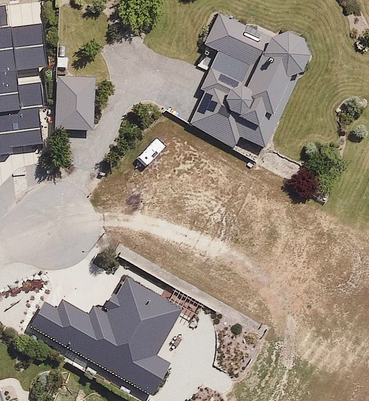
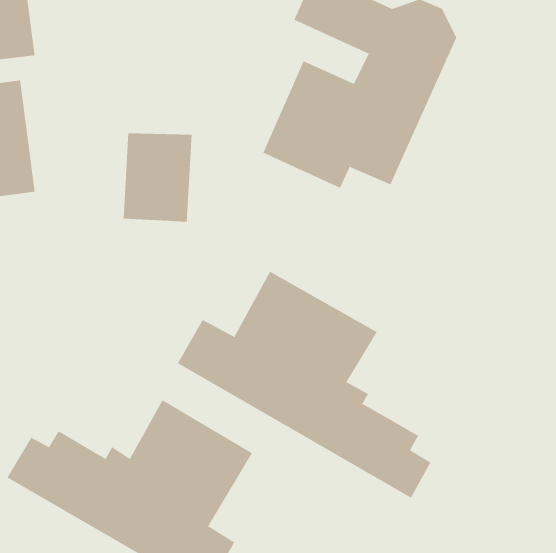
building: [54,75,97,130] -> [123,133,192,222]
building: none -> [177,271,431,499]

